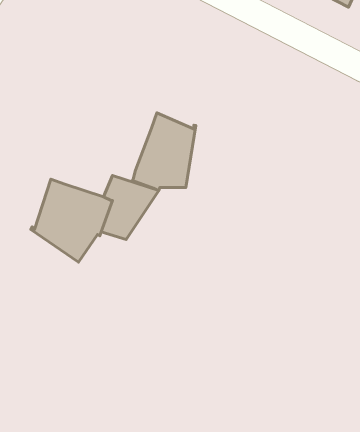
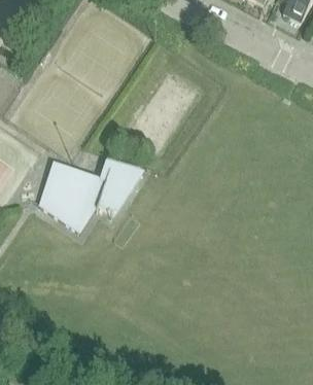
building: [132,113,196,191] -> none

